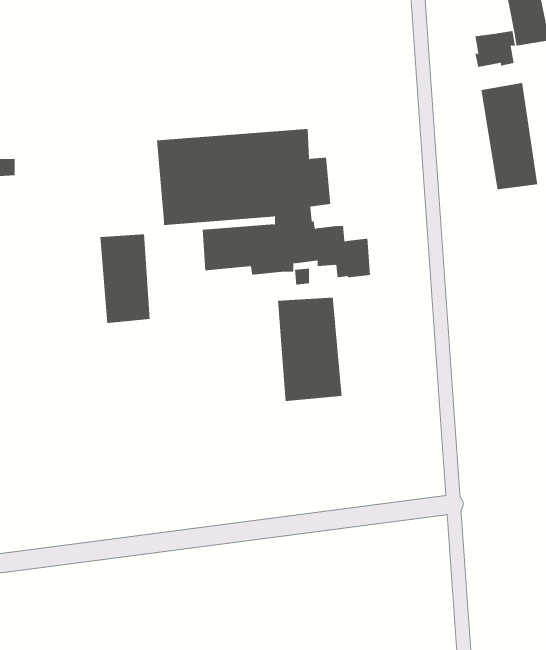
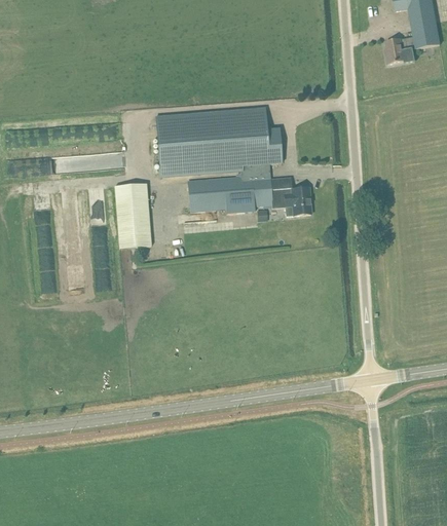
building: [481,82,538,190] -> none
building: [278,297,342,402] -> none

